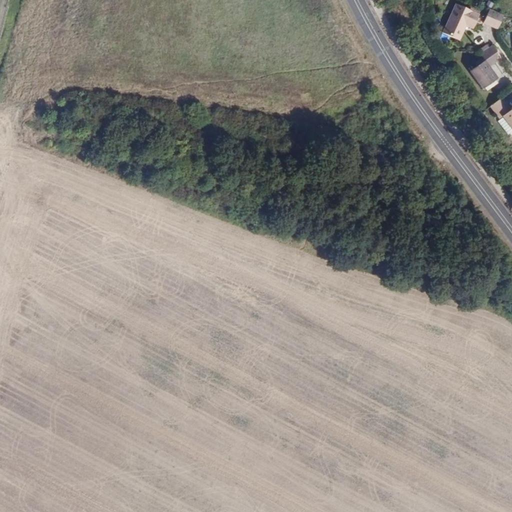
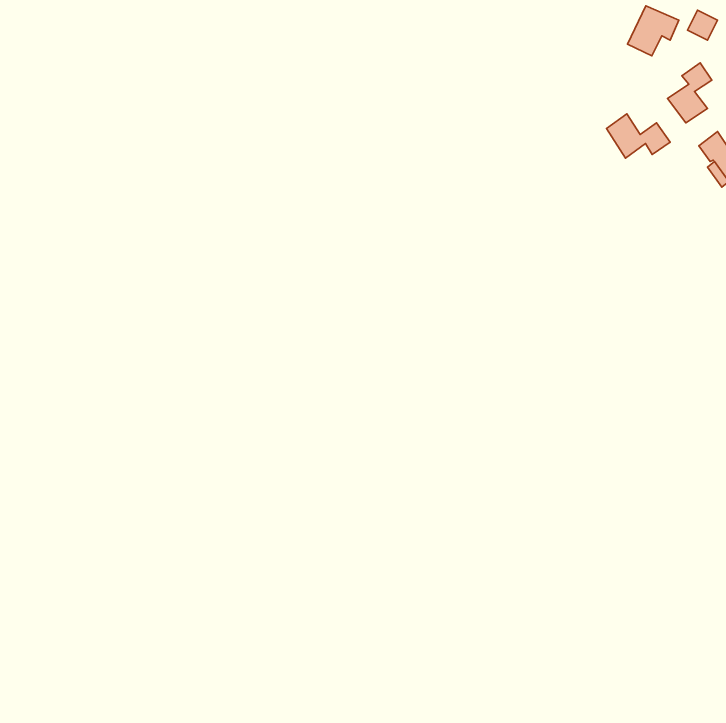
building: none -> [607,114,670,158]

